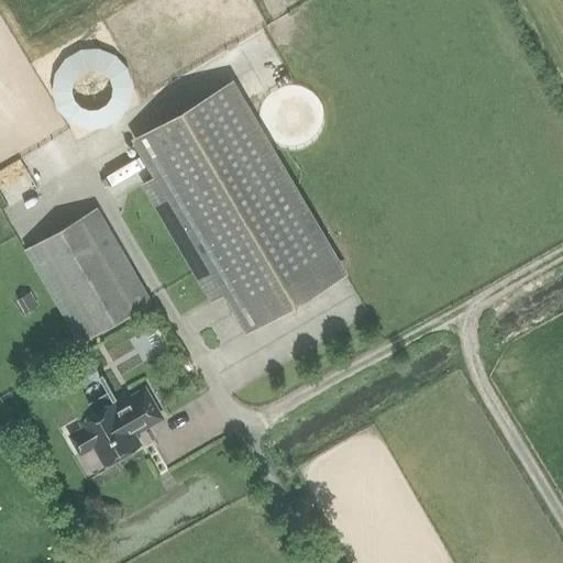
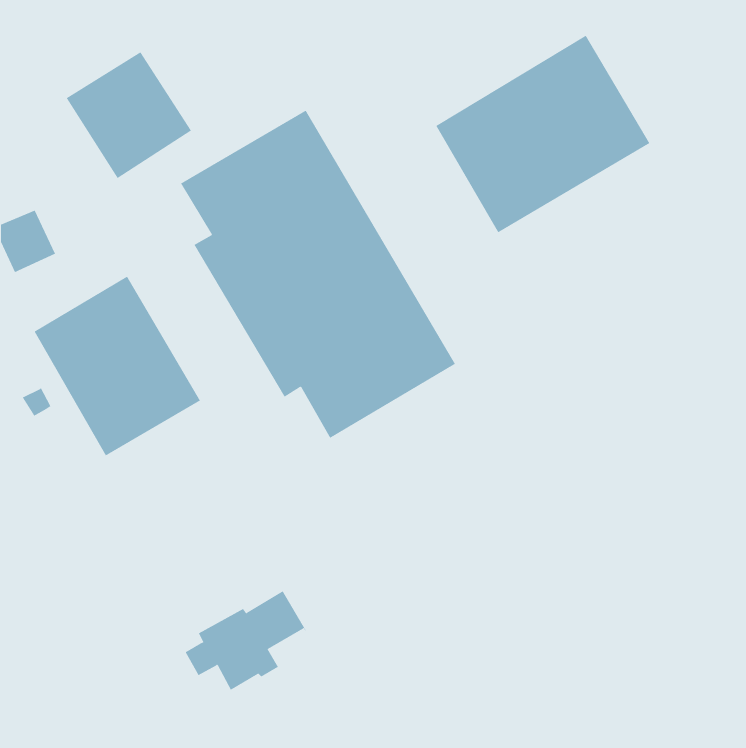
building: none -> [435,35,650,233]
building: [73,390,164,465] -> [185,591,307,690]

